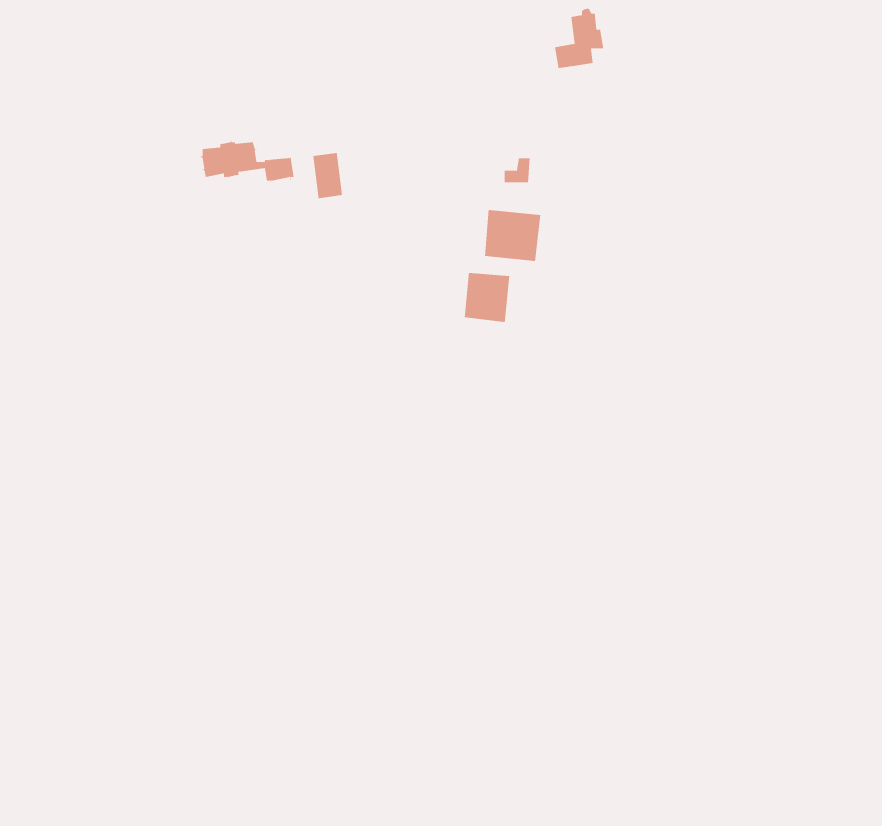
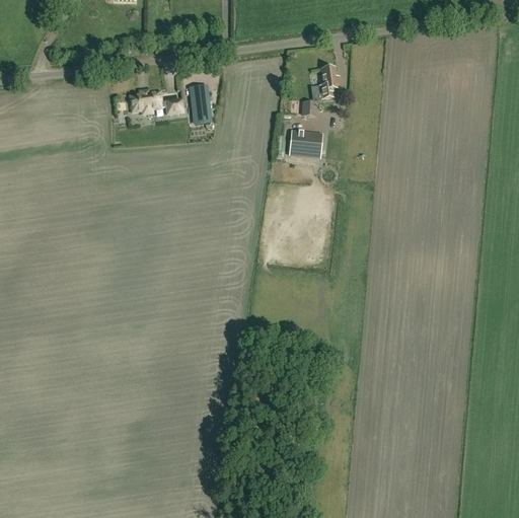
building: [554,8,604,69] -> [311,63,340,97]
building: [464,272,510,323] -> none

